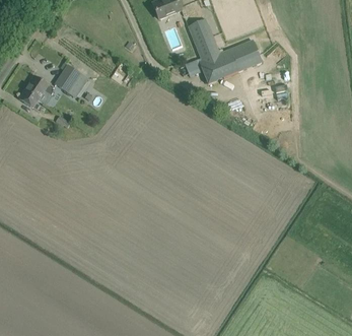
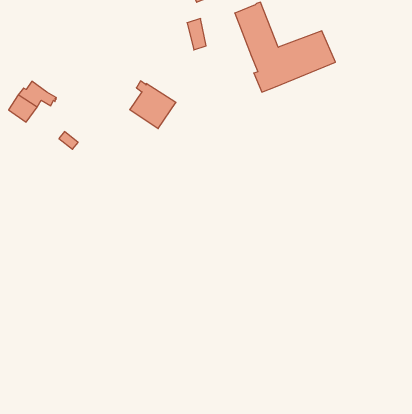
building: [55,61,89,96] -> [130,81,176,129]

